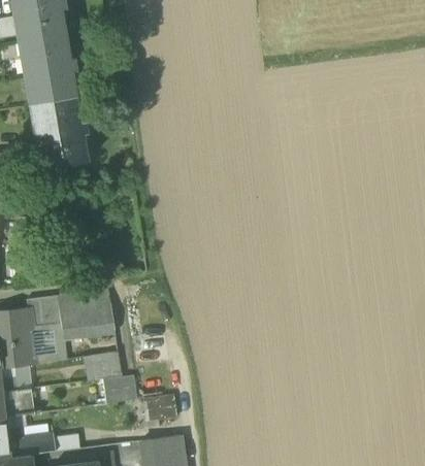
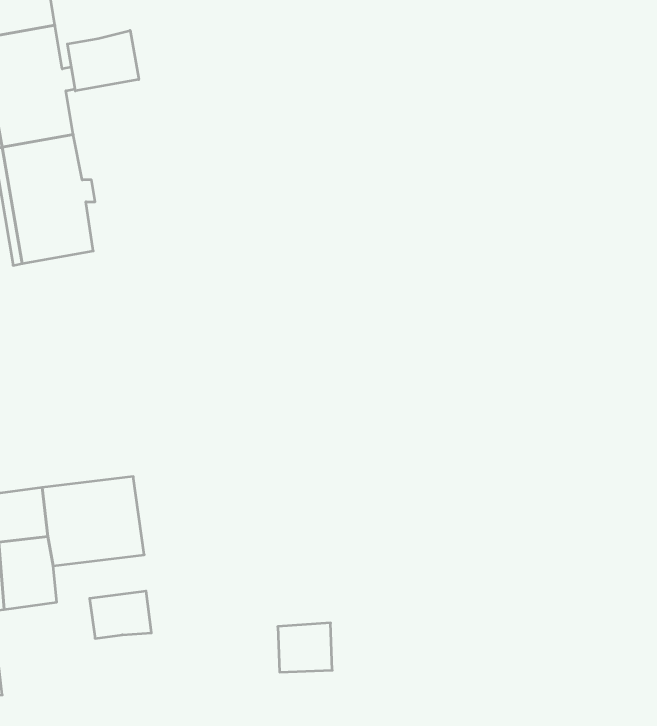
building: none -> [67,30,139,91]
building: [103,375,137,403] -> none
building: [143,391,174,419] -> [278,623,332,672]

